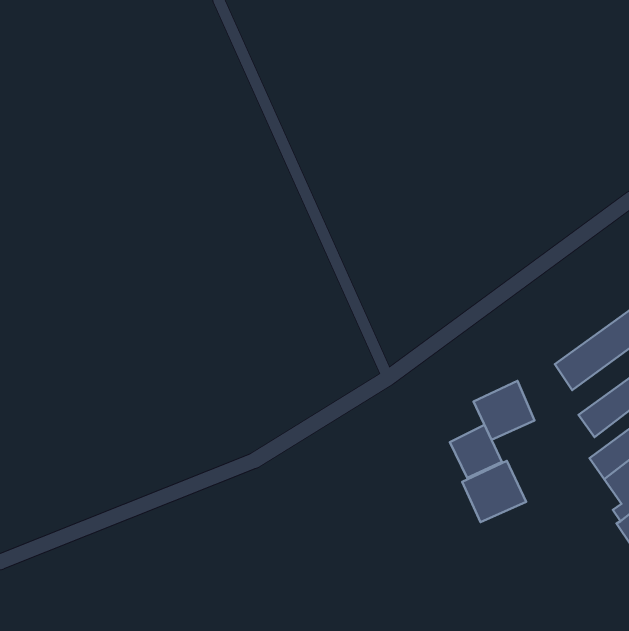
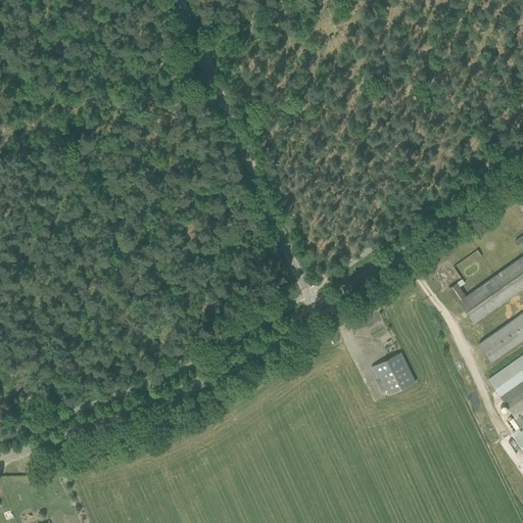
building: [473,381,535,440] -> none
building: [462,461,526,522] -> none

